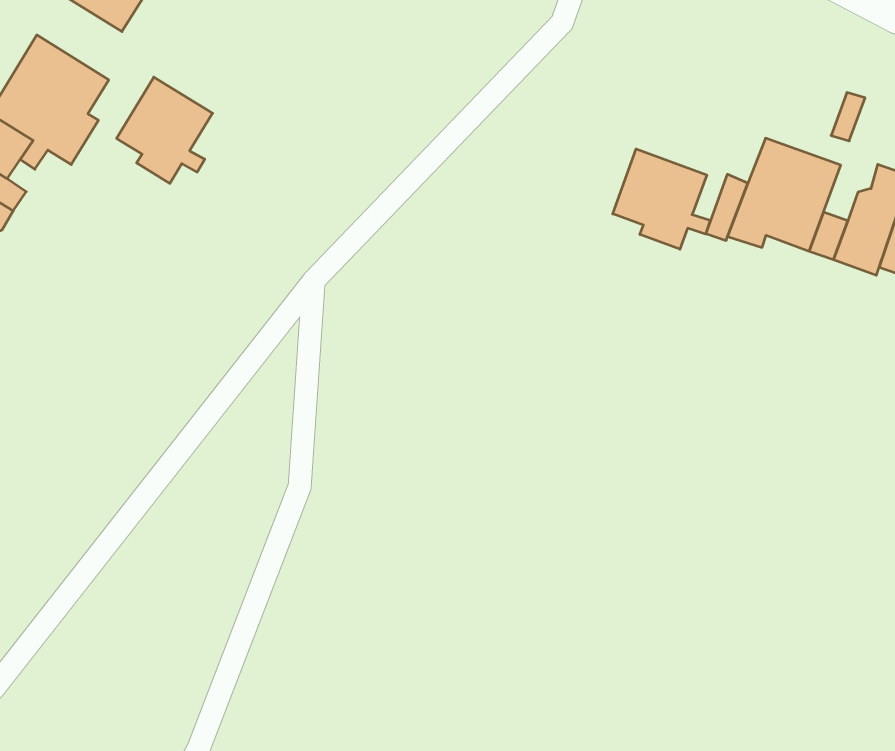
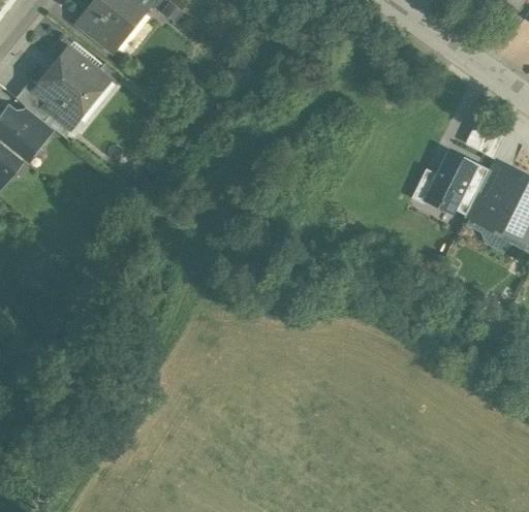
building: [117,77,213,183] -> none
building: [613,149,710,249] -> none

